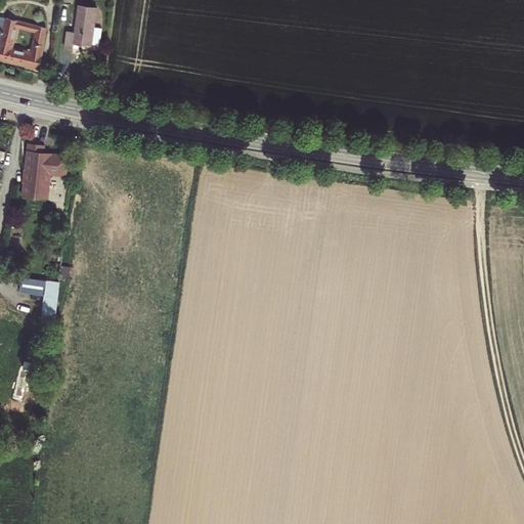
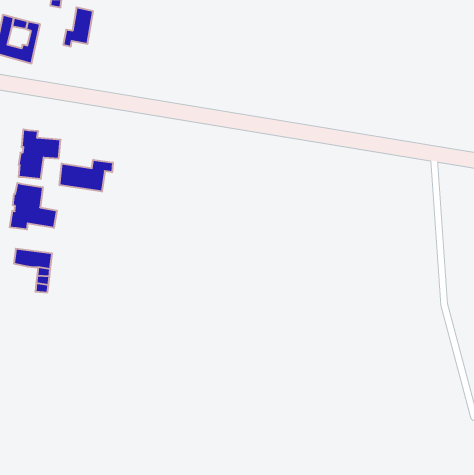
building: none -> [60,160,113,192]
building: none -> [10,183,57,230]

